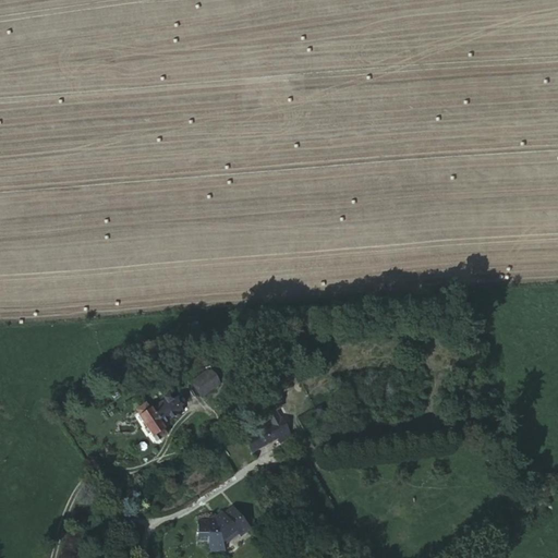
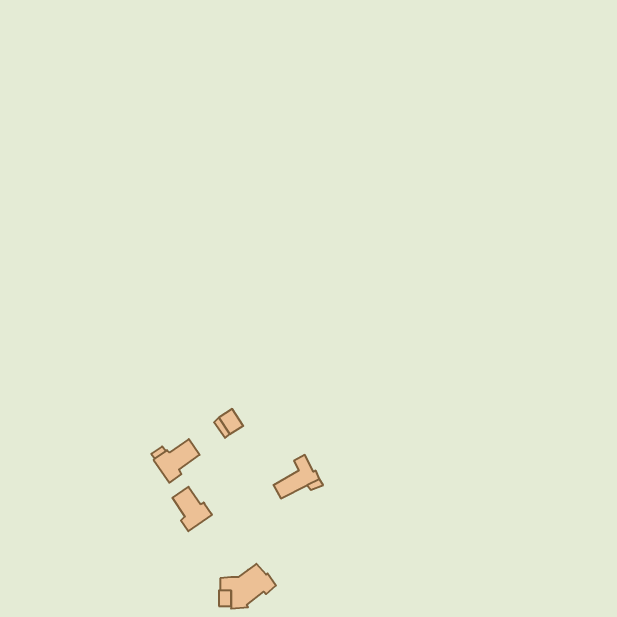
building: none -> [172,487,212,531]

